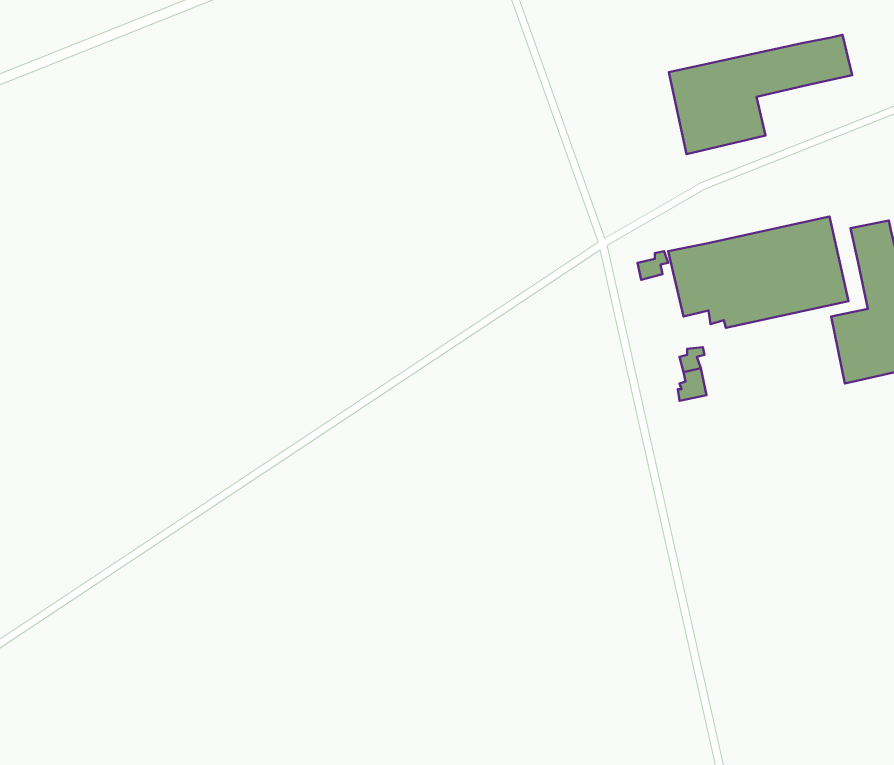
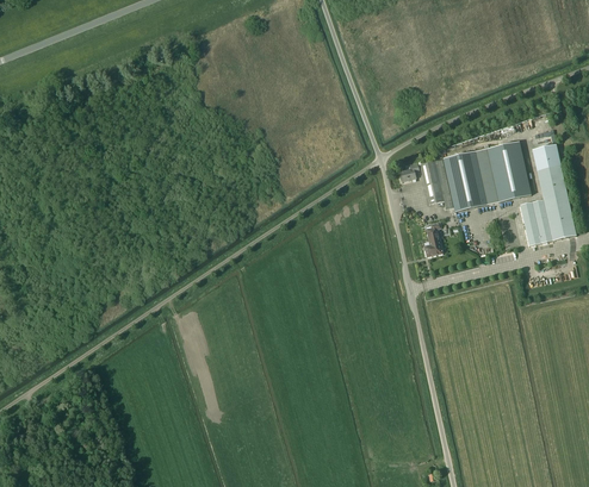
building: [669,35,852,154] -> none

